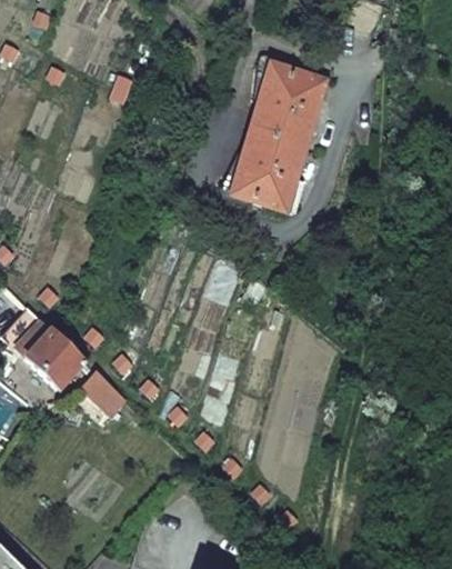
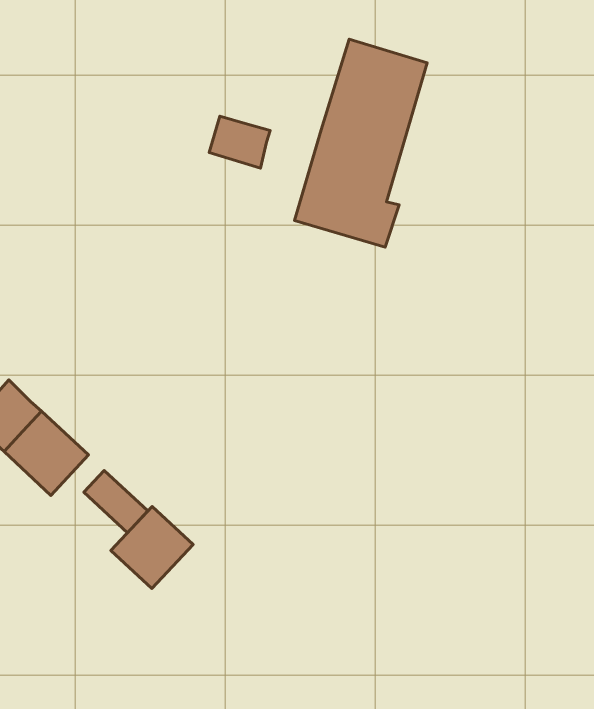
building: none -> [209,116,270,168]
building: none -> [111,507,193,589]

